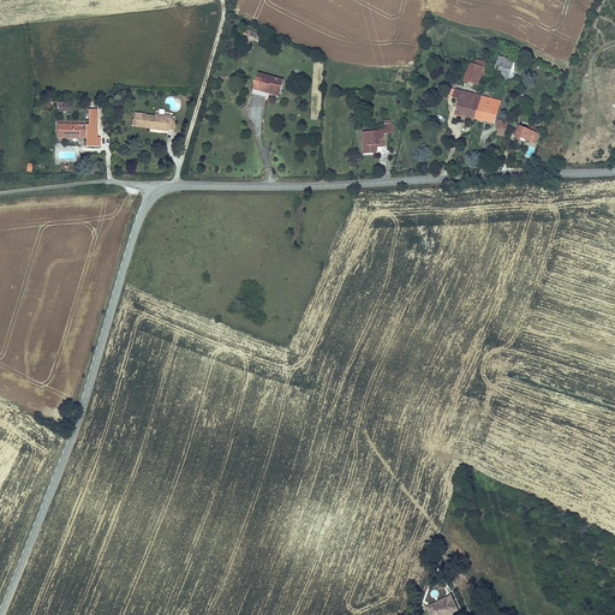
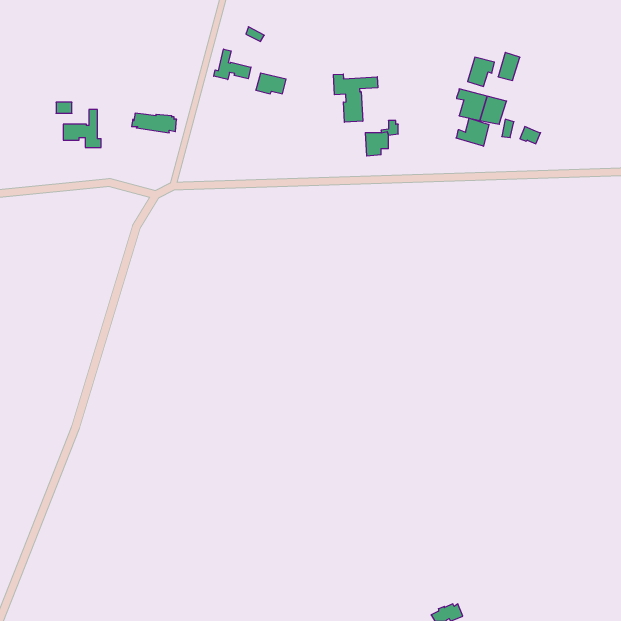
building: none -> [214,49,251,80]
building: none -> [333,74,378,122]
building: none -> [456,118,489,146]

